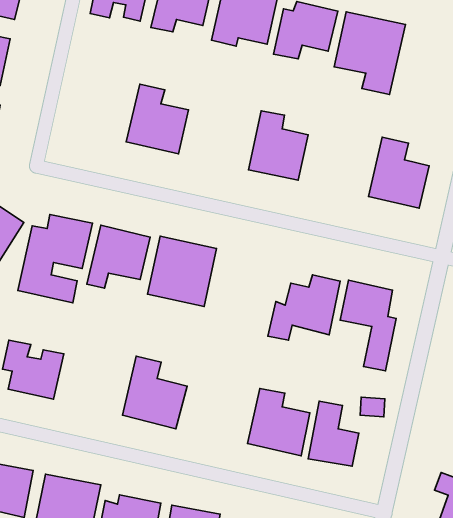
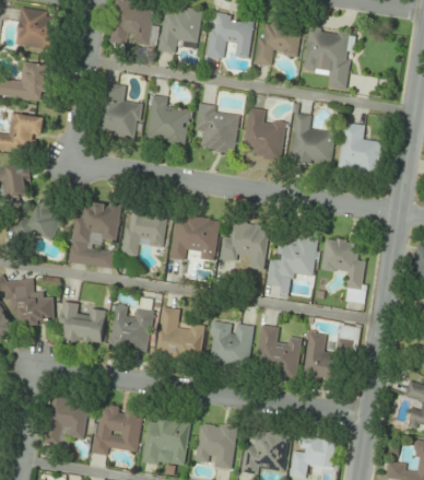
building: none -> [95,81,143,140]
building: none -> [193,103,239,154]
building: none -> [288,113,335,167]
building: none -> [220,221,270,270]
building: none -> [109,304,156,354]
building: none -> [208,320,255,368]

